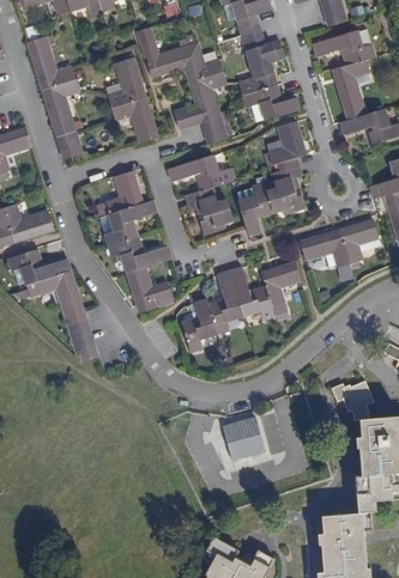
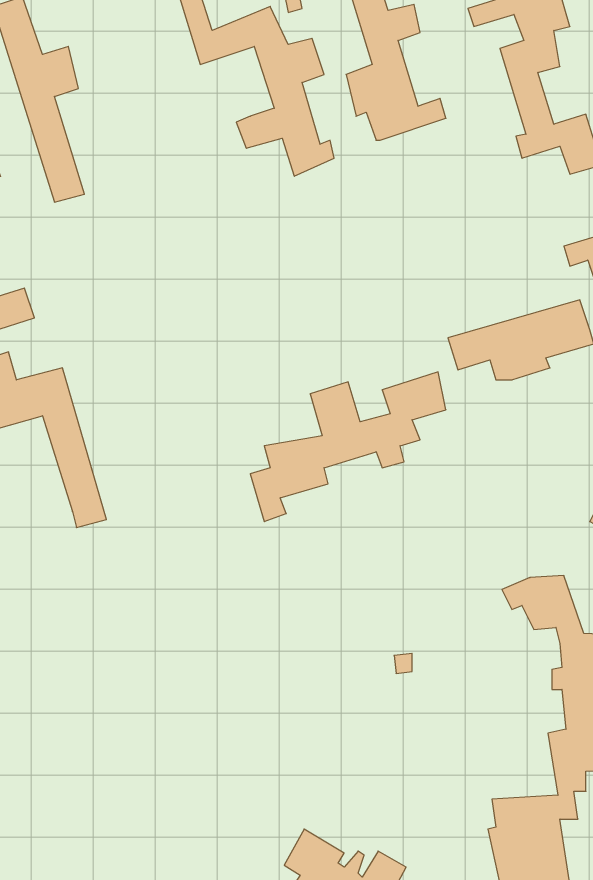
building: [107,55,156,144] -> none
building: [235,120,306,233] -> none
building: [168,154,236,233] -> none
building: [96,169,174,314] -> none
building: [220,415,267,469] -> none

